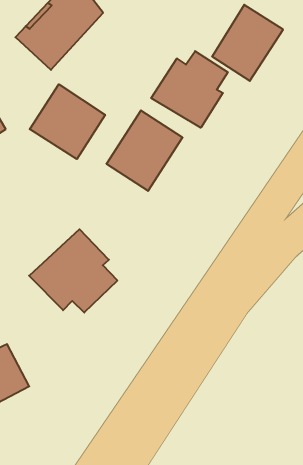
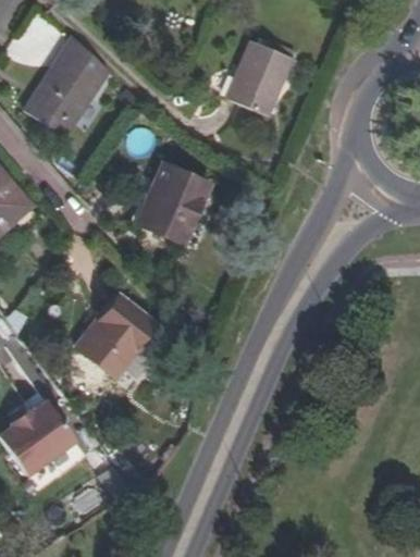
building: [151,51,228,128] -> none
building: [30,84,105,159] -> none

